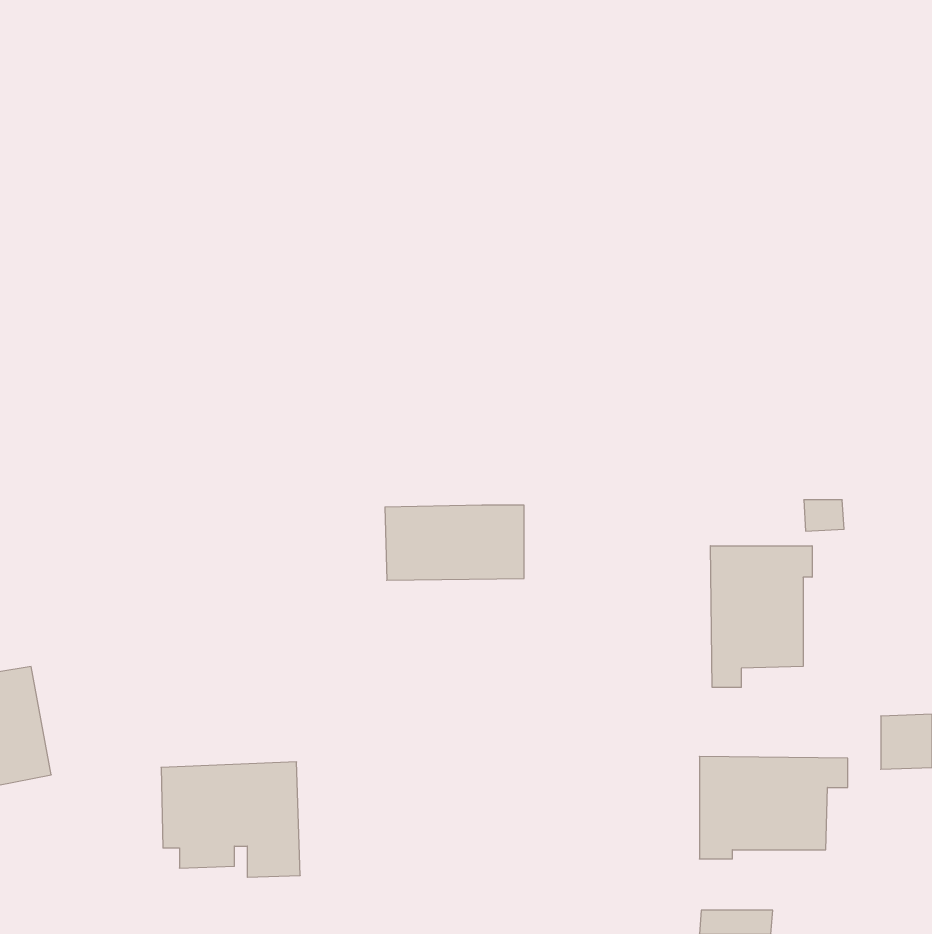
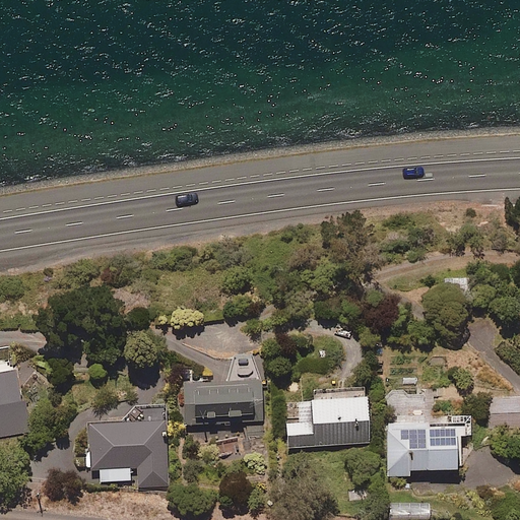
building: [385,505,524,580] -> [184,382,261,424]
building: [710,546,812,687] -> none
building: none -> [286,398,371,448]

